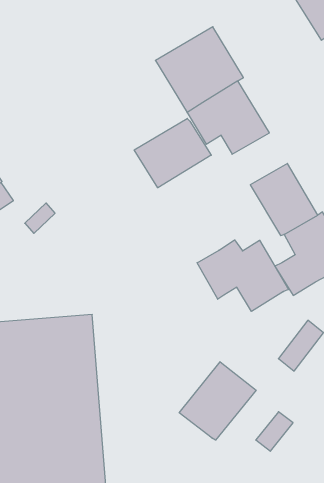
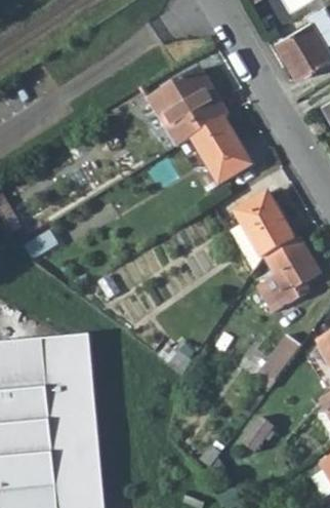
building: [134,118,211,188] -> none
building: [197,240,289,311] -> none
building: [179,362,256,440] -> none

